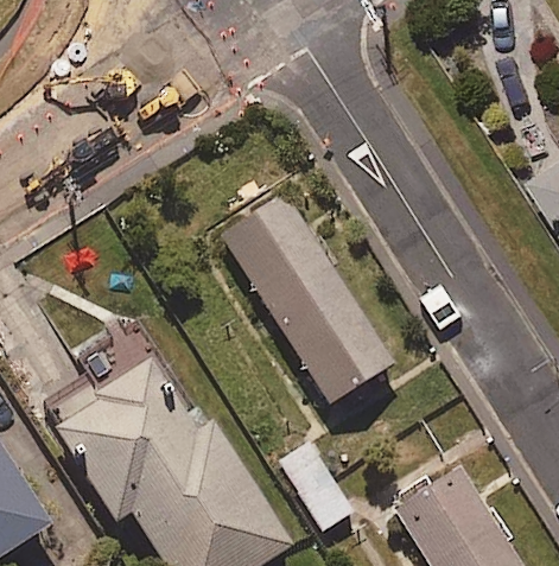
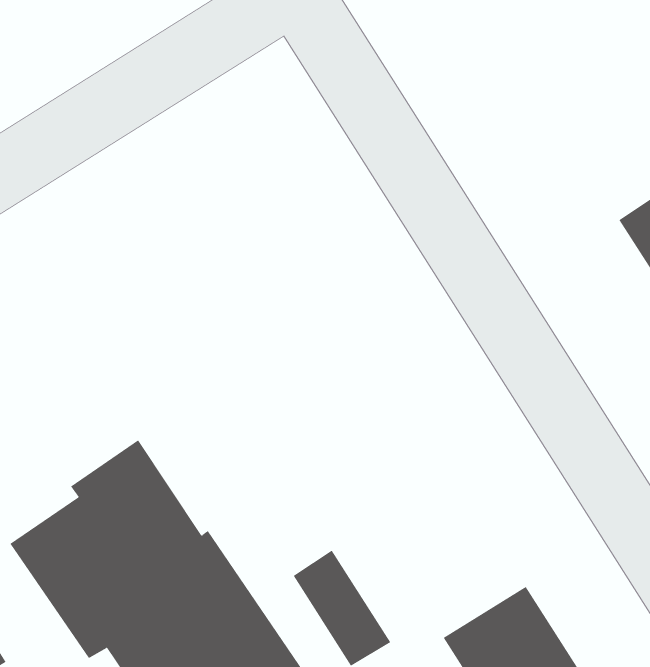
building: [221,193,395,407] -> none

